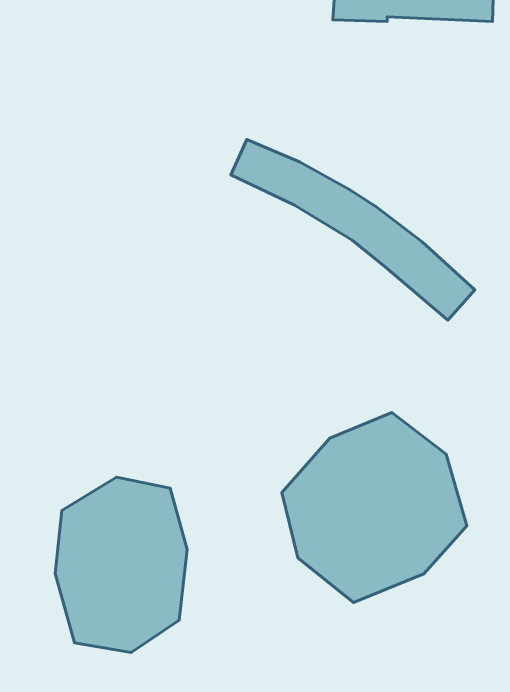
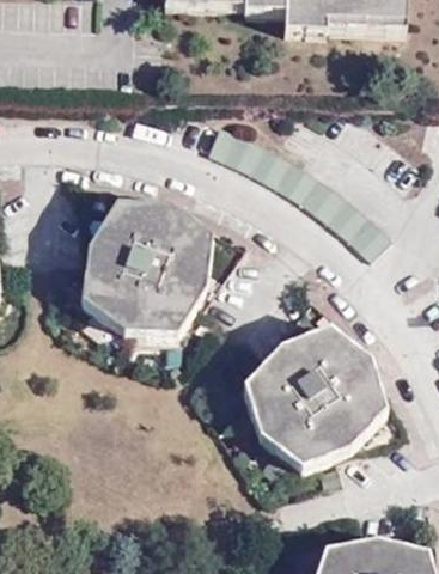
building: none -> [81,201,211,334]
building: [55,477,187,653] -> none

